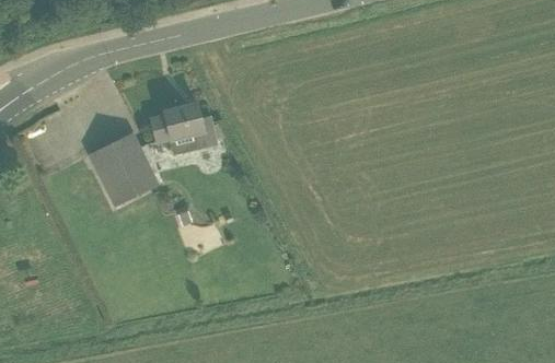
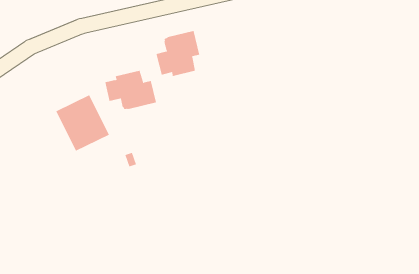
building: none -> [156,30,200,77]

